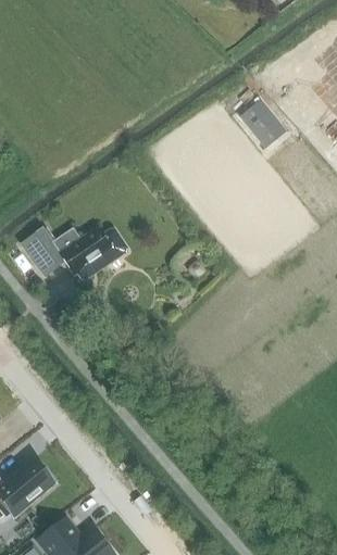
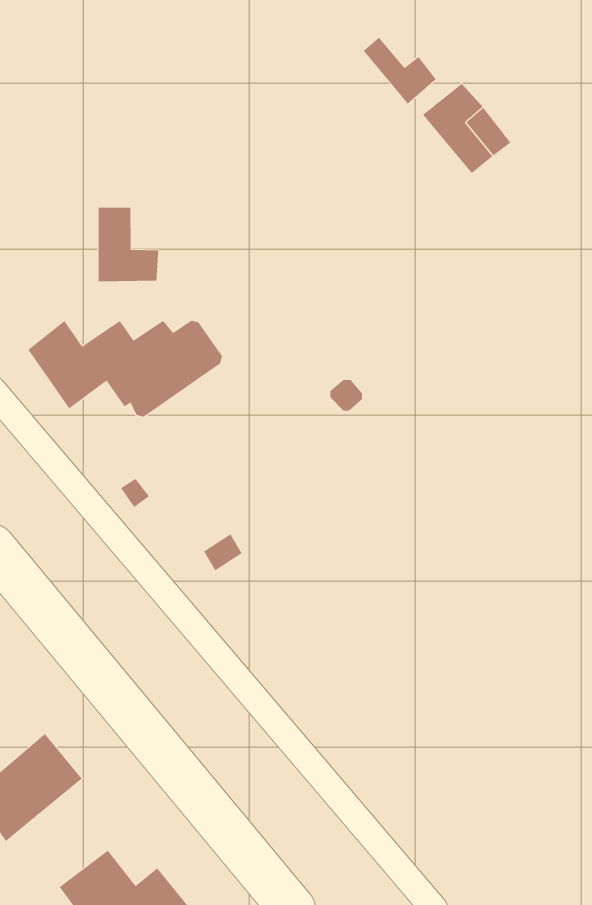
building: none -> [363,37,437,105]
building: none -> [98,207,159,282]

